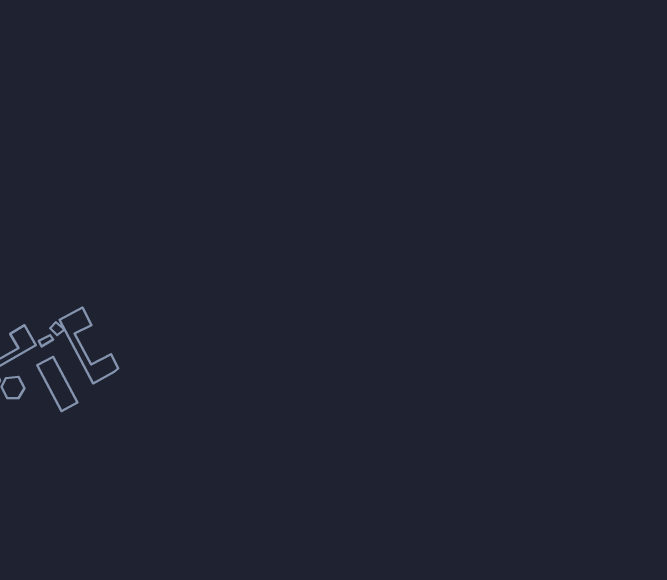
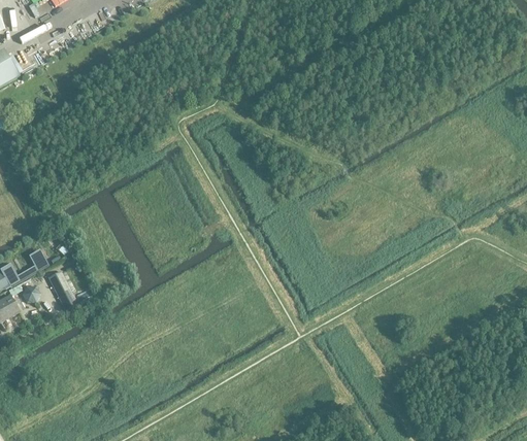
building: [59,308,118,383] -> none

